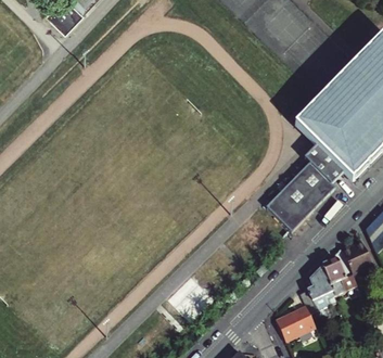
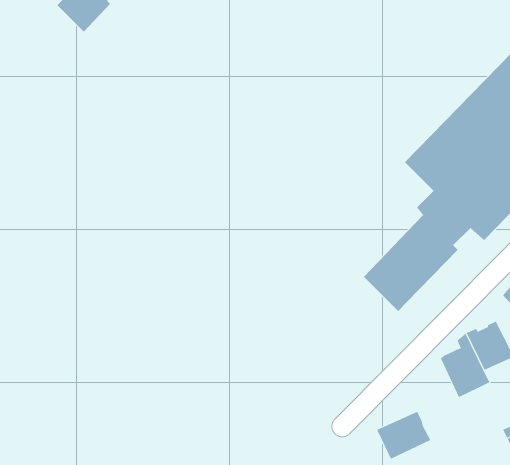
building: [297,266,334,315] -> none

